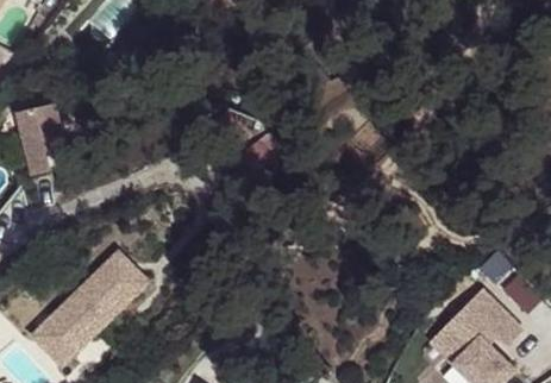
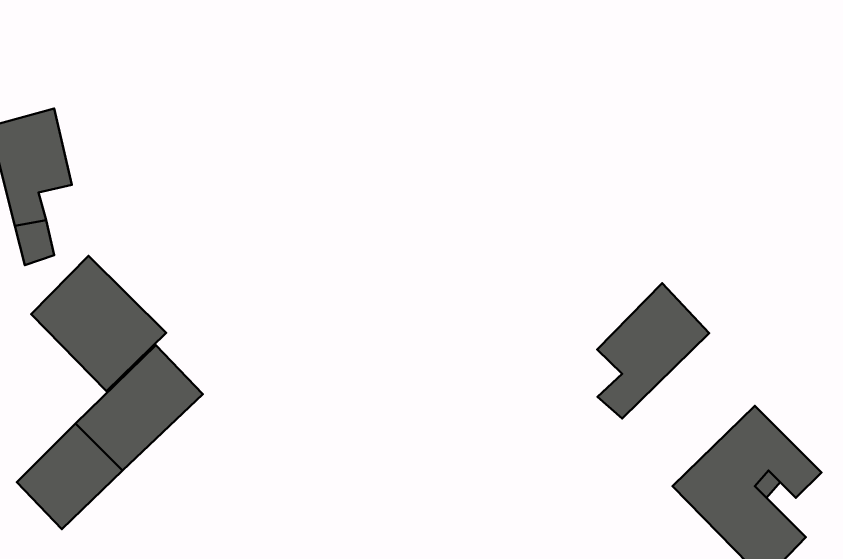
building: none -> [31,256,166,391]
building: none -> [597,283,709,419]

